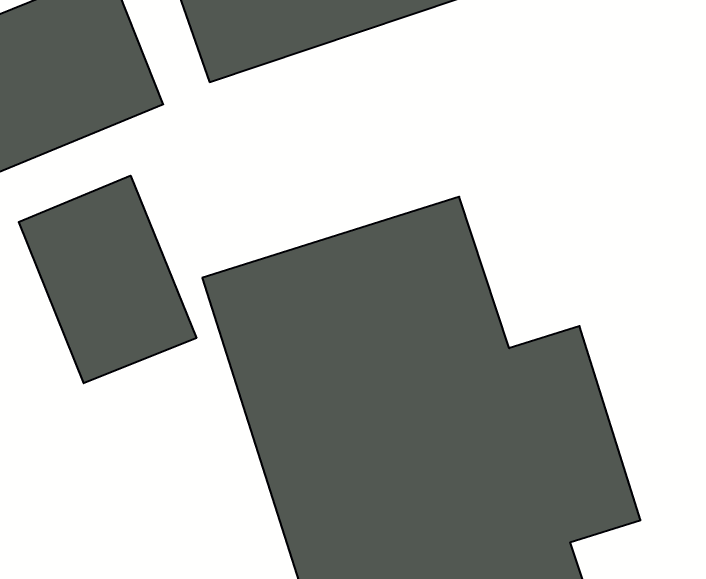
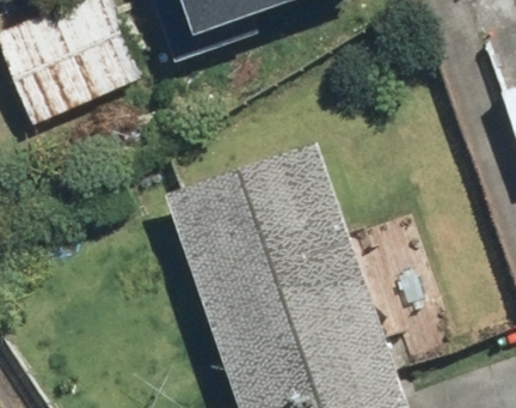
building: [19,176,196,383] -> none

